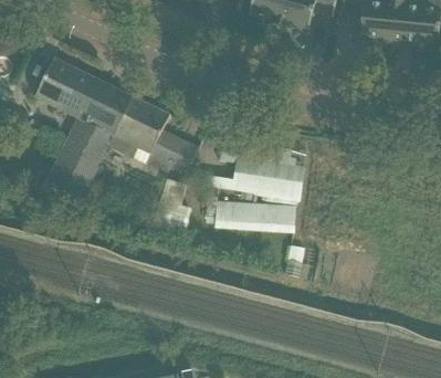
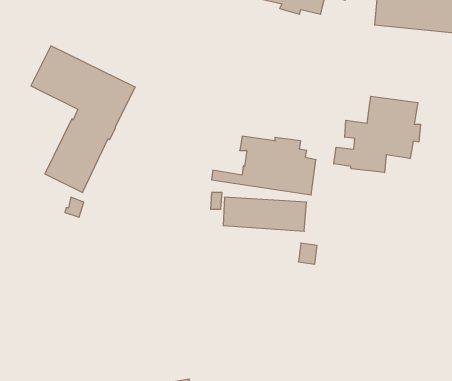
building: [108,97,198,176] -> none
building: none -> [334,96,420,173]

